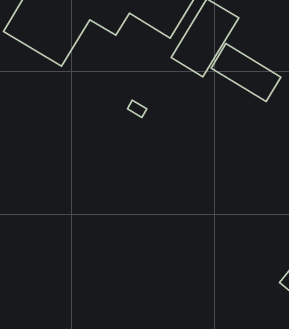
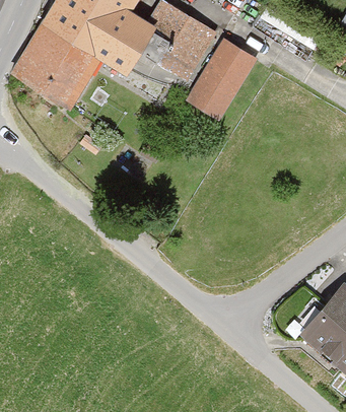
building: [211,44,281,101] -> none

